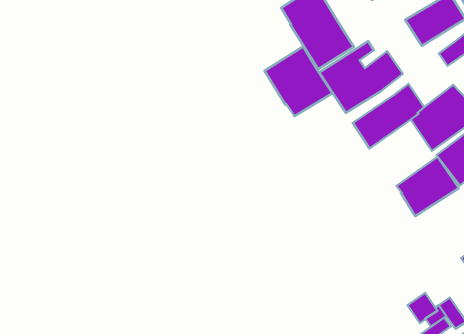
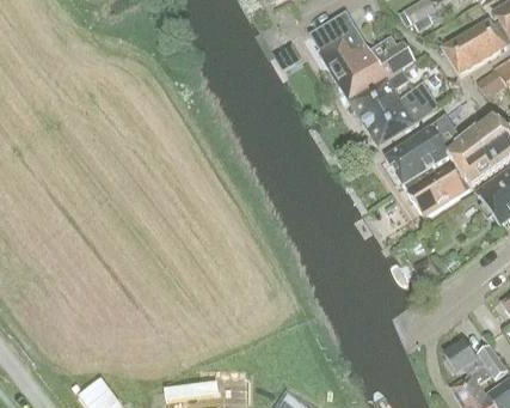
building: none -> [371,36,416,75]
building: [264,47,333,116] -> none
building: [396,157,459,216] -> [405,153,472,217]

